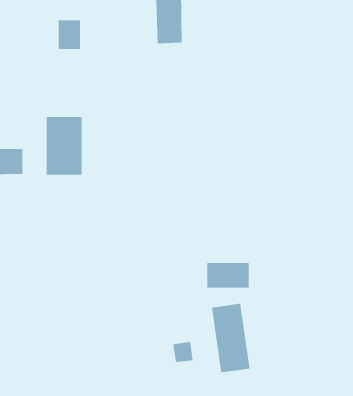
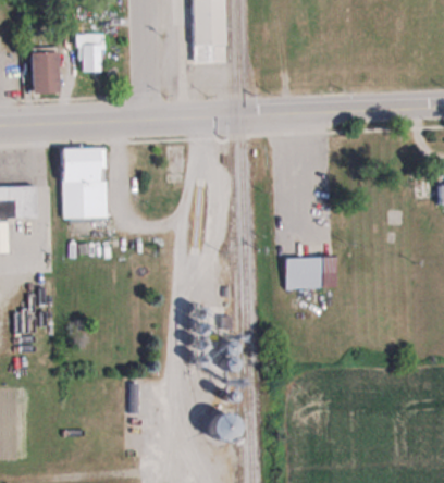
building: none -> [33,50,59,94]
building: [206,262,249,288] -> [284,257,335,287]
building: [211,303,250,373] -> none

